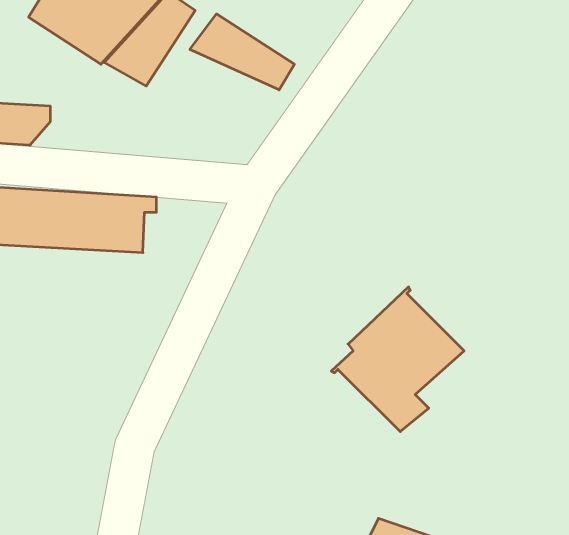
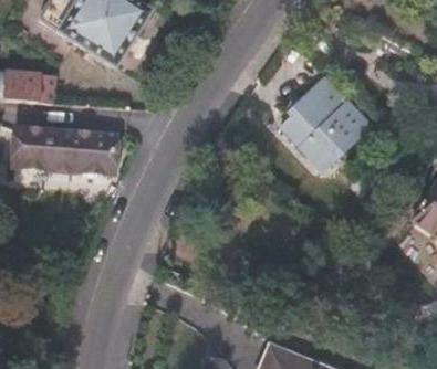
building: [190,14,294,90] -> none
building: [331,287,464,432] -> [278,74,365,169]

